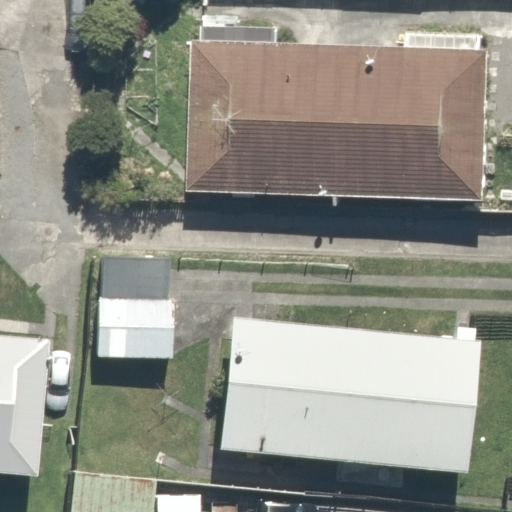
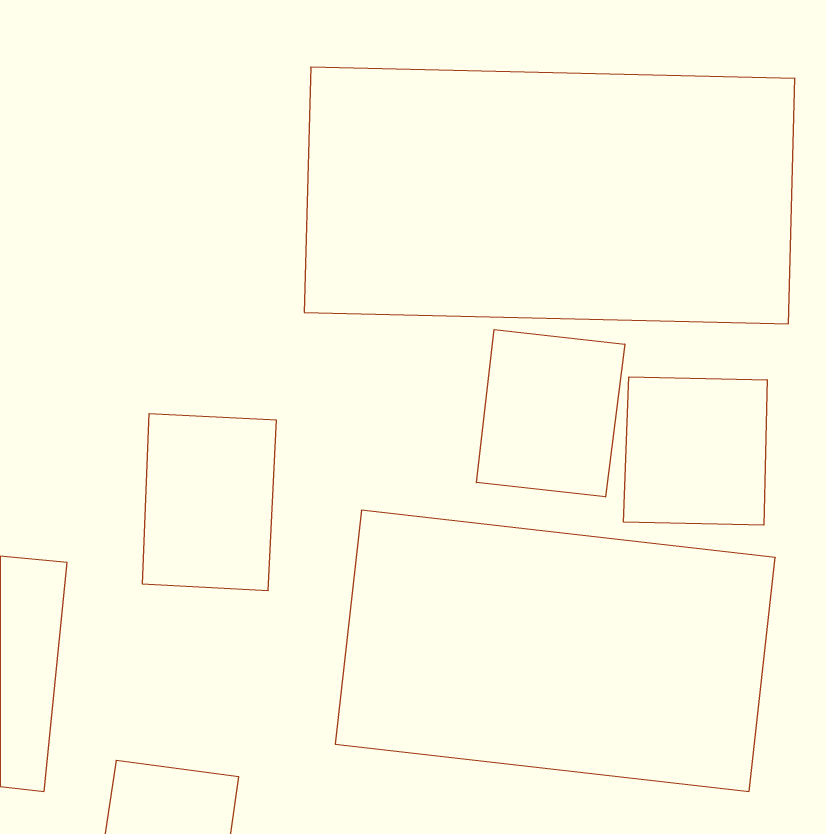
building: none -> [477,330,625,497]
building: none -> [624,377,767,525]

